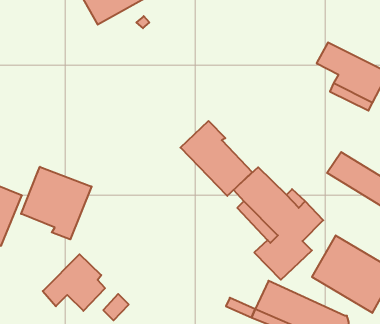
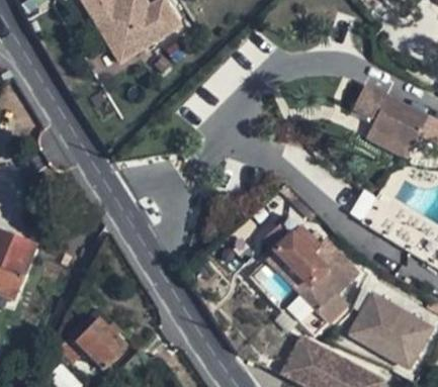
building: [180,121,252,196] -> none
building: [21,167,92,239] -> none

